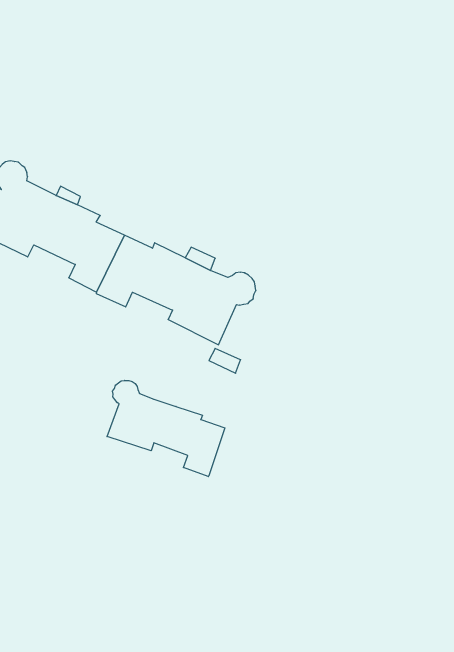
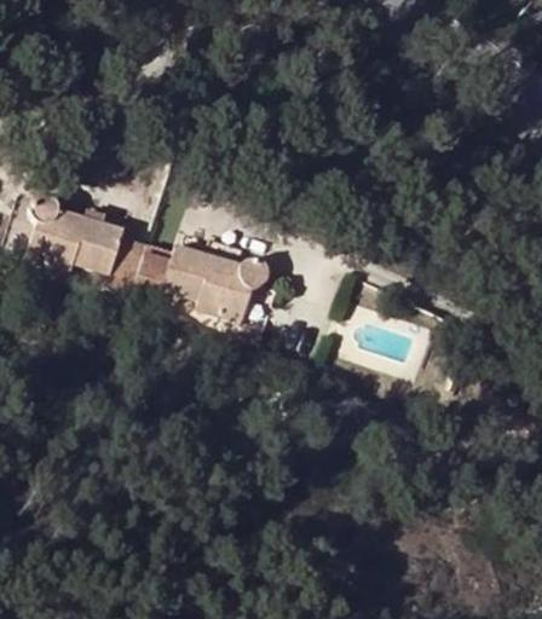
building: [107,380,225,477] -> none

